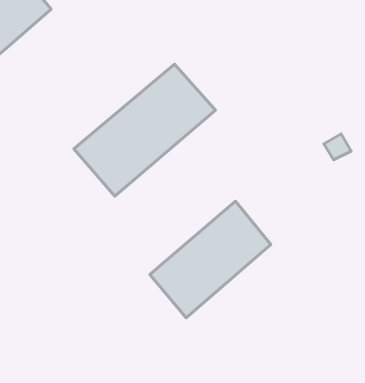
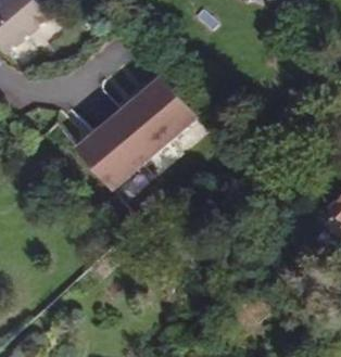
building: [150,201,271,318] -> none

